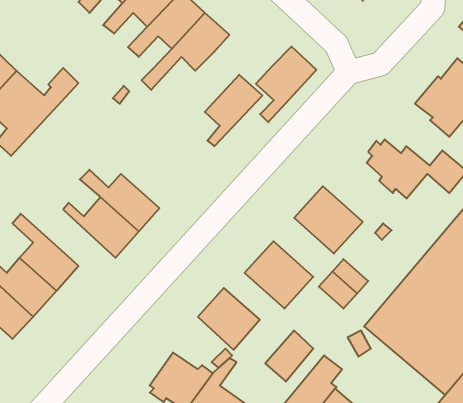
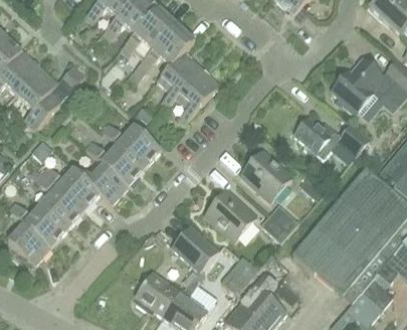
building: [256,47,316,122] -> [158,52,202,108]
building: none -> [101,122,161,167]
building: none -> [42,164,99,209]

